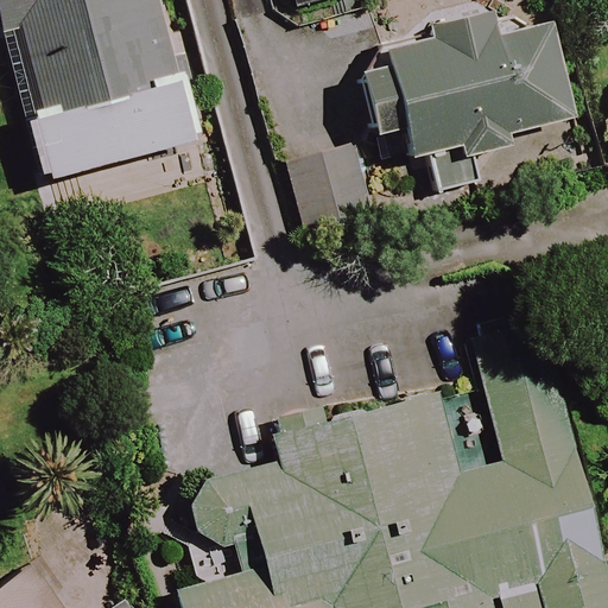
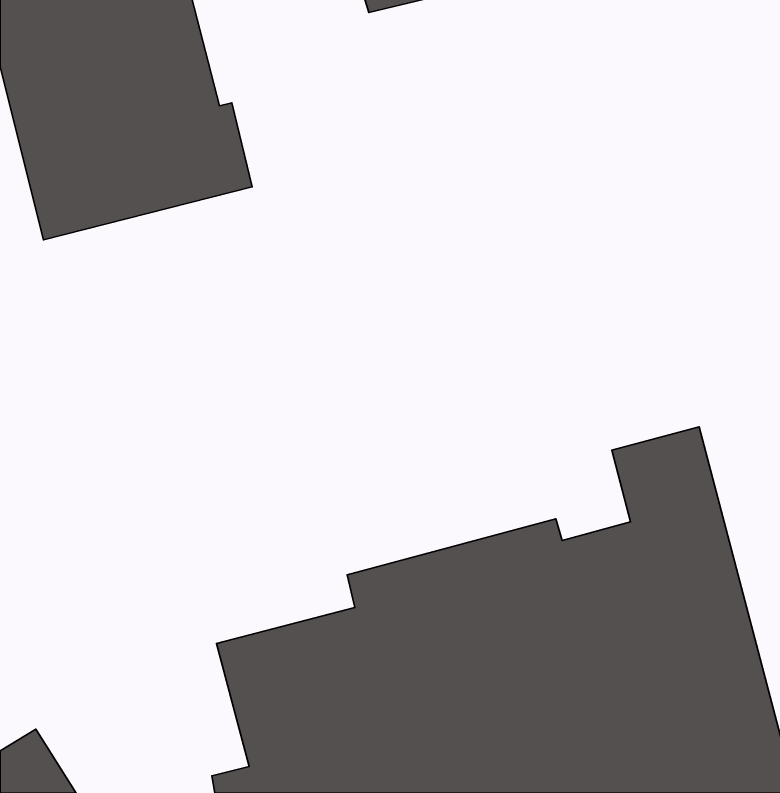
building: [346,18,571,162] -> none

